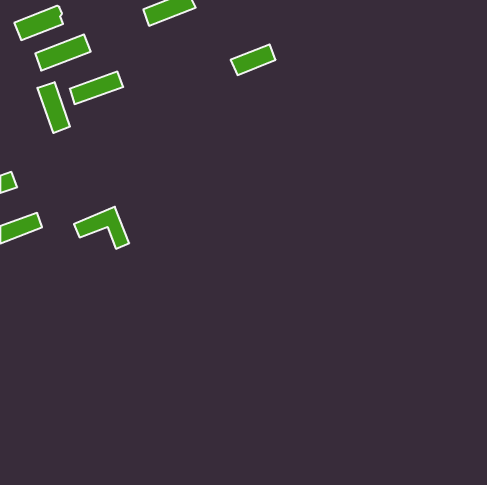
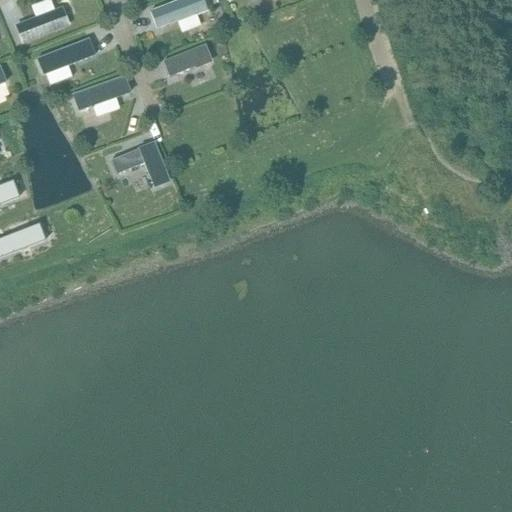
building: [231,44,276,75] -> [163,44,210,76]
building: [37,82,70,133] -> none
building: [74,207,129,249] -> [111,141,169,185]

